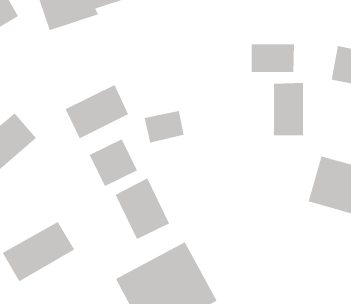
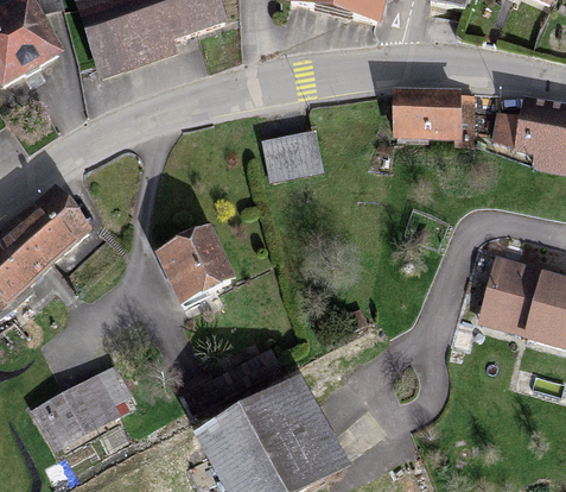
building: [274,82,303,136] -> none
building: [65,84,129,139] -> none
building: [144,110,185,143] -> [261,131,320,178]
building: [115,178,170,240] -> none

